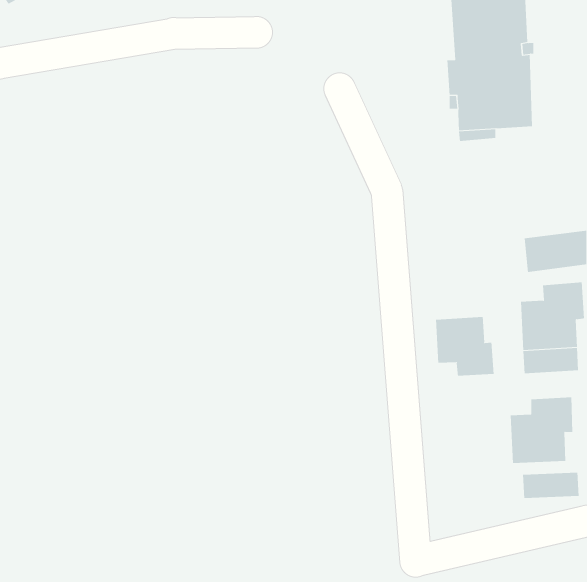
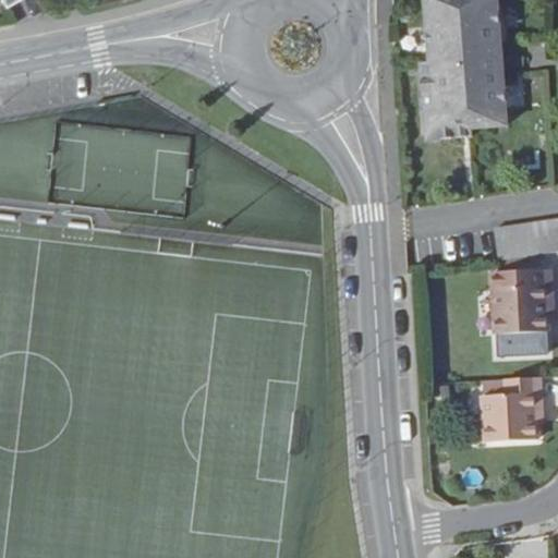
building: [435,316,494,376] -> none
building: [522,472,579,499] -> none

